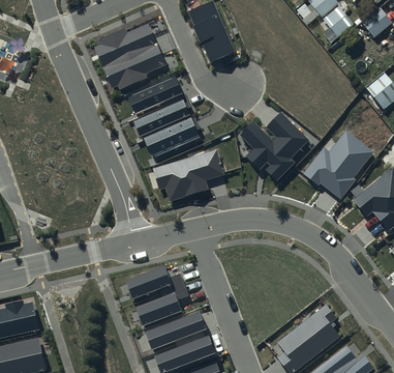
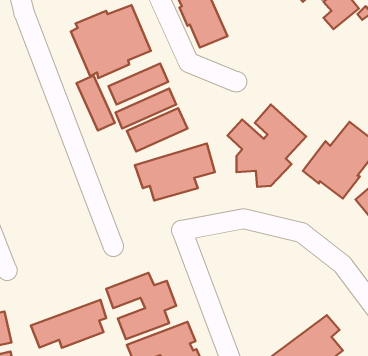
building: none -> [77,75,115,131]
building: none -> [31,300,106,348]

